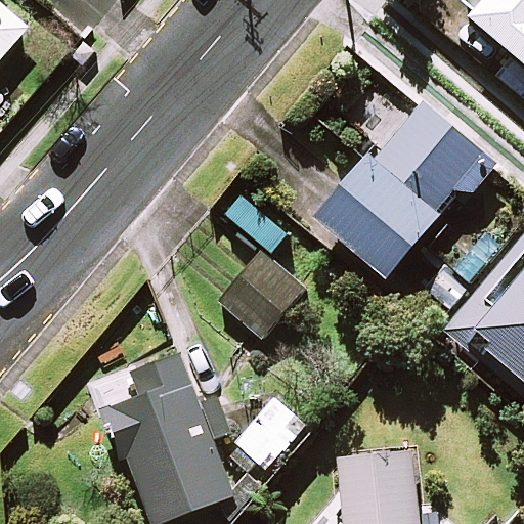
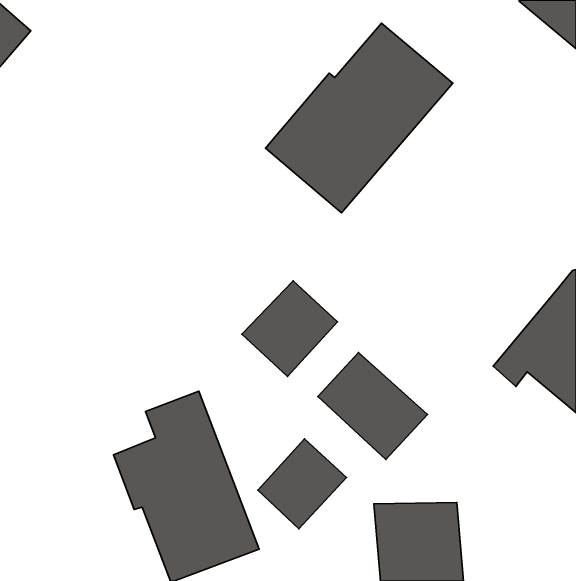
building: [319,104,488,275] -> [265,23,453,213]
building: none -> [318,353,428,460]

